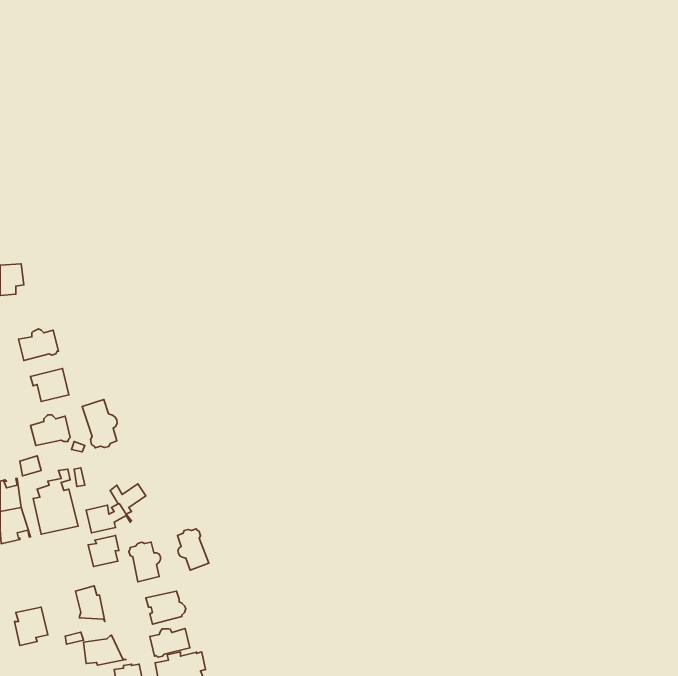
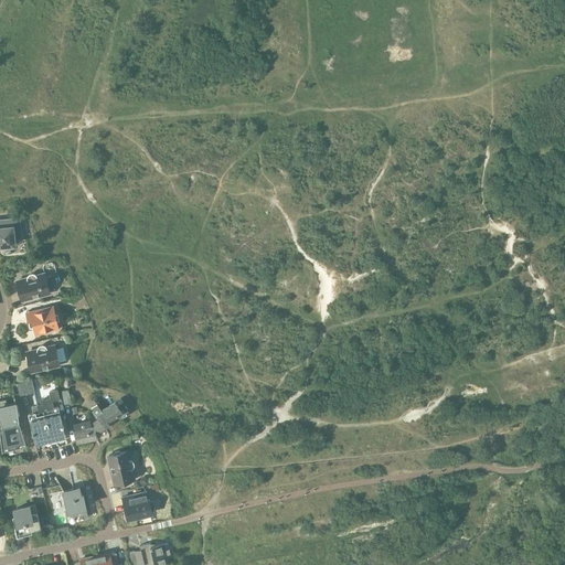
building: [82,400,117,448] -> none
building: [177,529,209,570] -> none
building: [88,535,119,566] -> none
building: [150,628,190,657] -> none
building: [84,635,126,665] -> none

